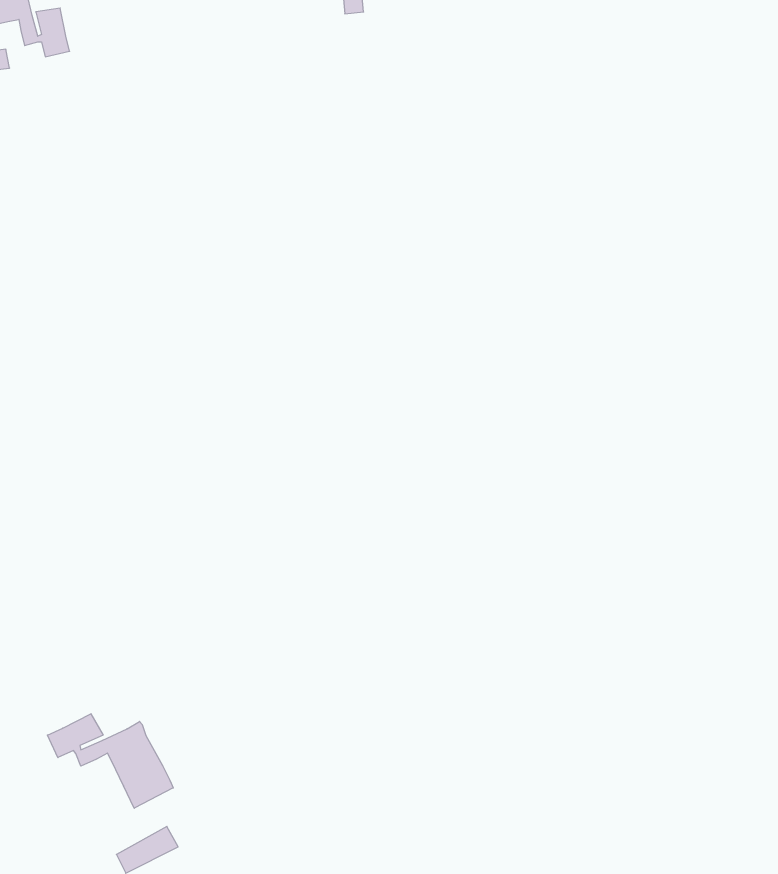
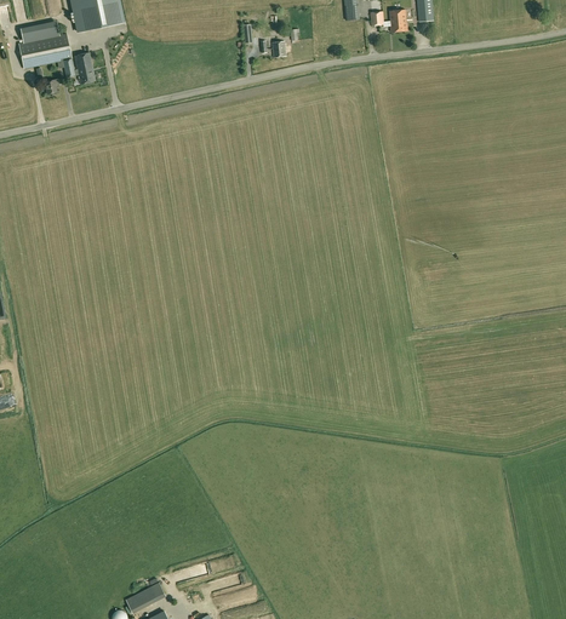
building: [47,714,173,808] -> none

